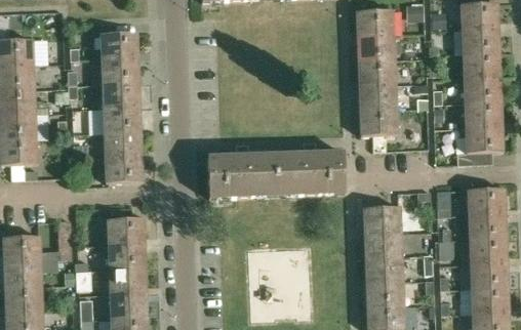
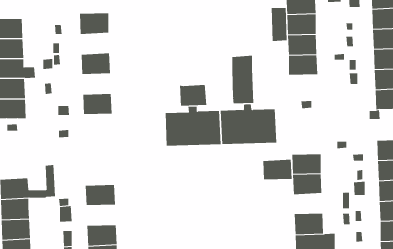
building: none -> [271,7,287,42]
building: [102,56,138,83] -> none
building: none -> [232,55,254,104]
building: [104,107,141,132] -> none
building: [358,108,396,134] -> none
building: none -> [180,84,207,106]
building: [106,156,143,182] -> none
building: [107,217,145,244] -> none
building: [364,253,401,279] -> [262,159,292,180]
building: [109,267,147,293] -> none

